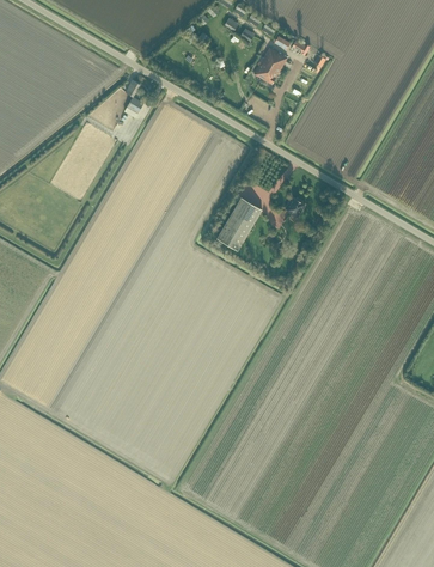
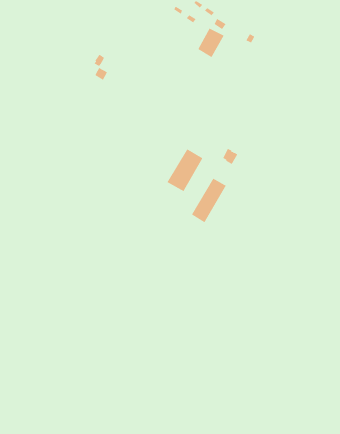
building: none -> [191,178,226,223]

